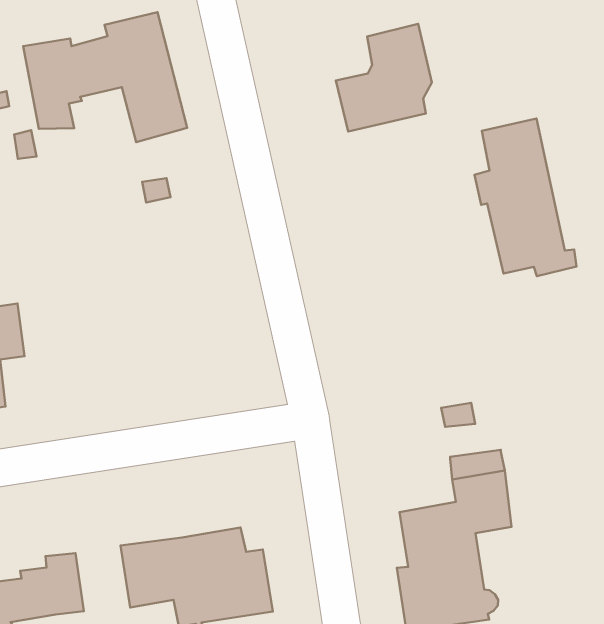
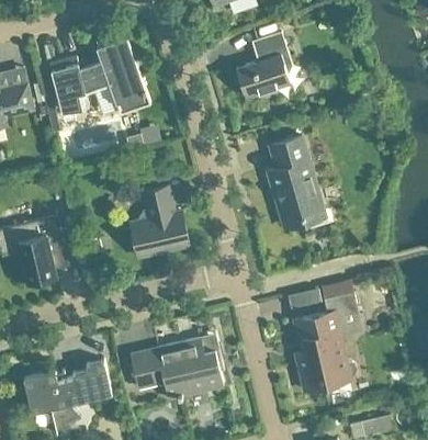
building: [474,118,577,276] -> [268,135,333,228]
building: none -> [131,187,190,257]
building: none -> [284,293,324,320]

